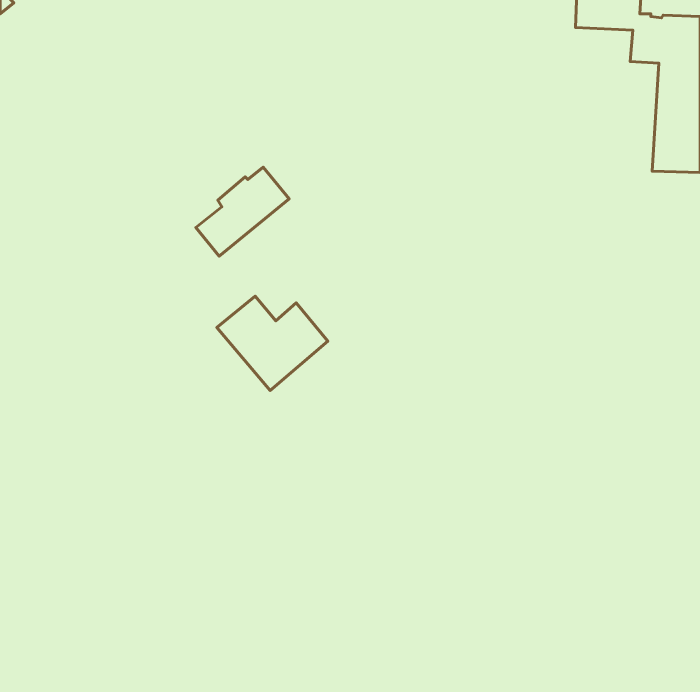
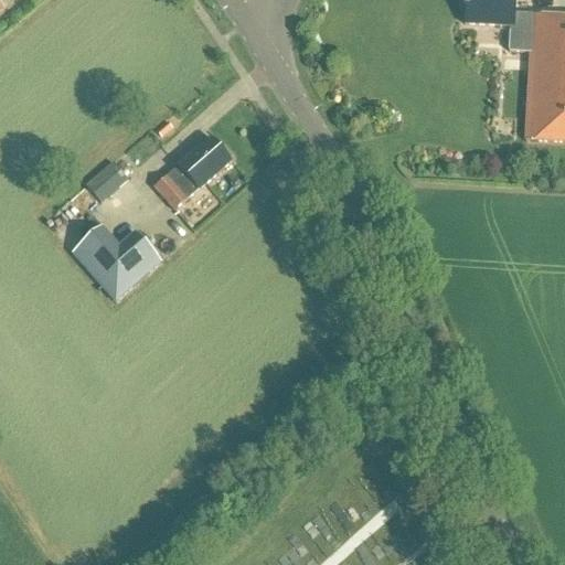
building: none -> [86,159,129,201]
building: [217,296,328,391] -> [72,222,161,298]

